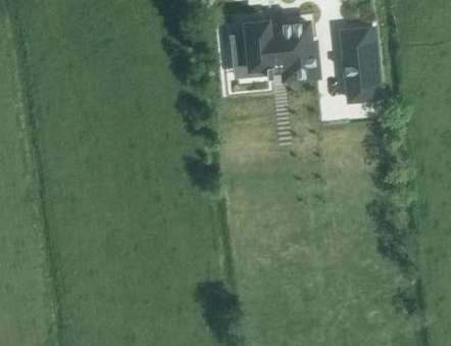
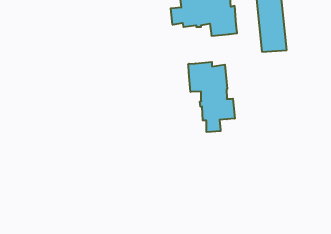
building: none -> [188,62,235,132]

